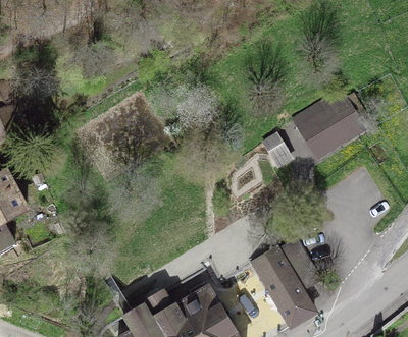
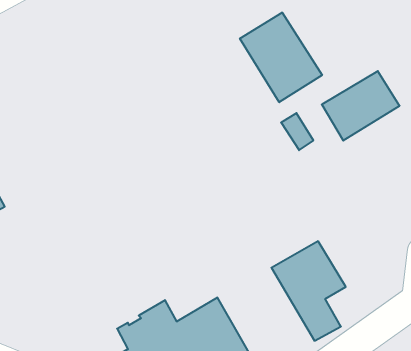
building: none -> [240,12,322,102]

